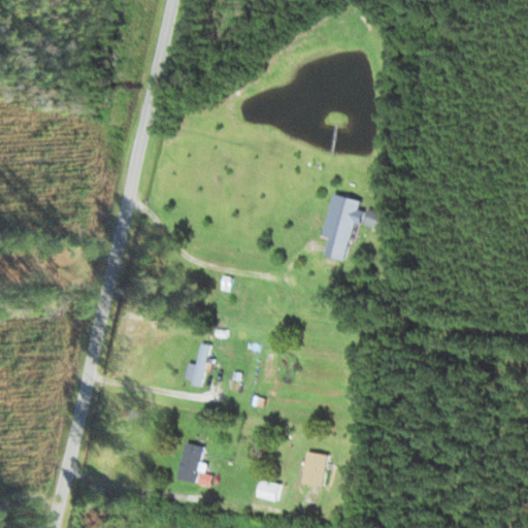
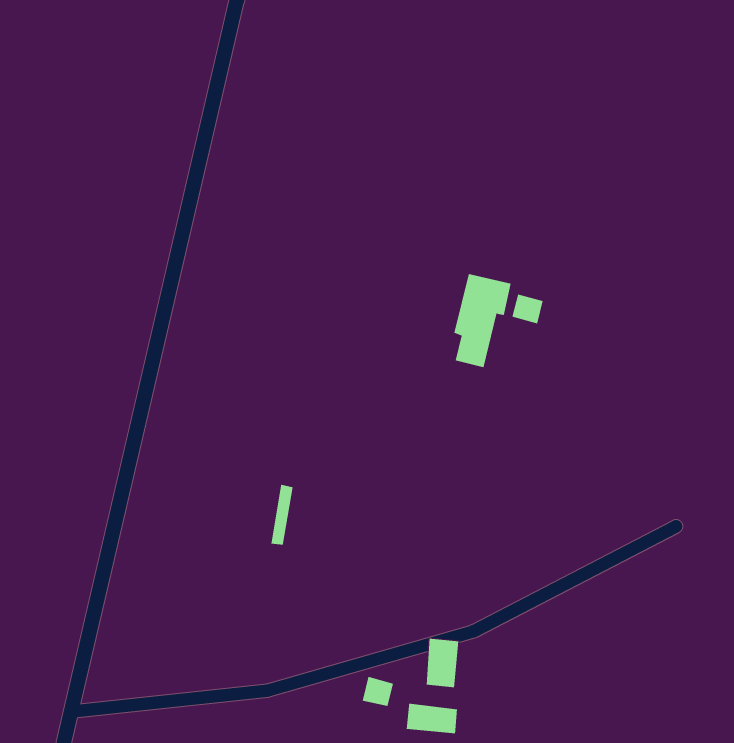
building: [176,443,203,484] -> none
building: none -> [406,703,458,734]

